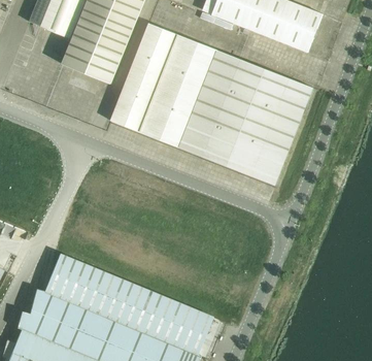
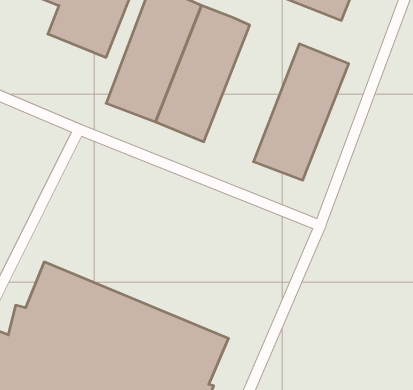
building: [193,57,272,170] -> none

